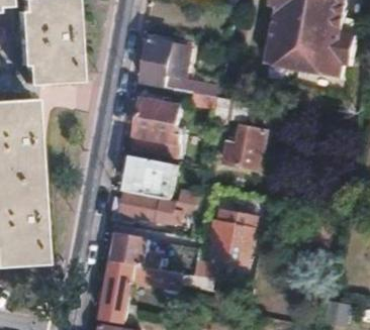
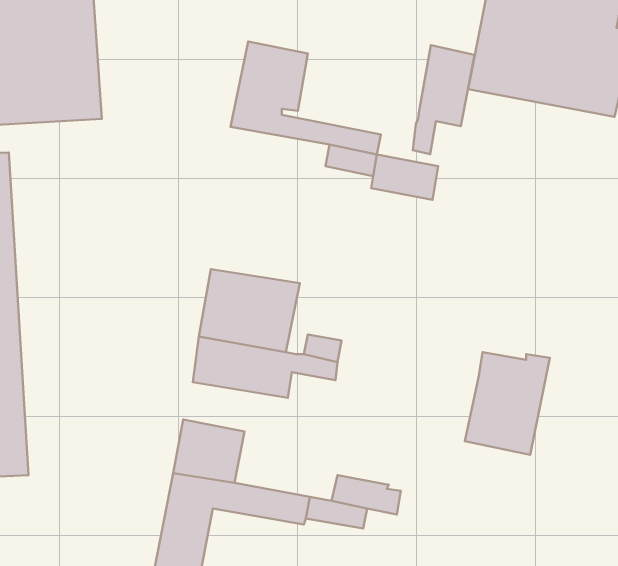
building: none -> [413,45,475,154]
building: [131,99,179,154] -> none
building: [222,126,266,170] -> none
building: [210,212,254,264] -> [465,352,550,455]

